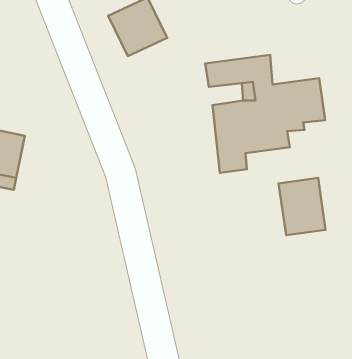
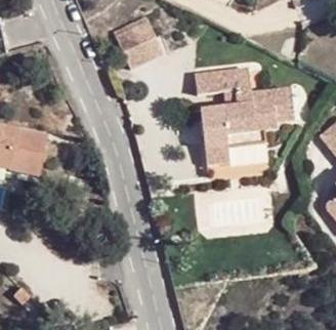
building: [279,178,326,235] -> none

